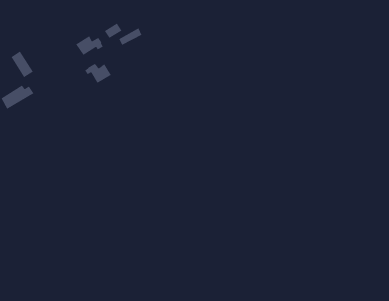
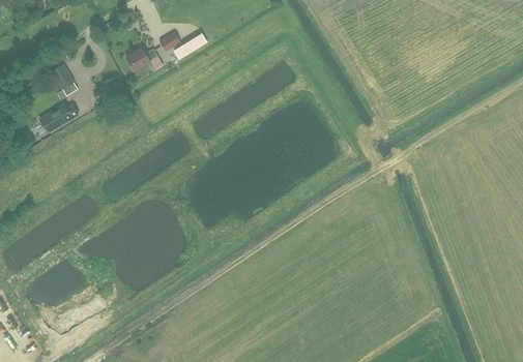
building: [84,63,112,84] -> none

